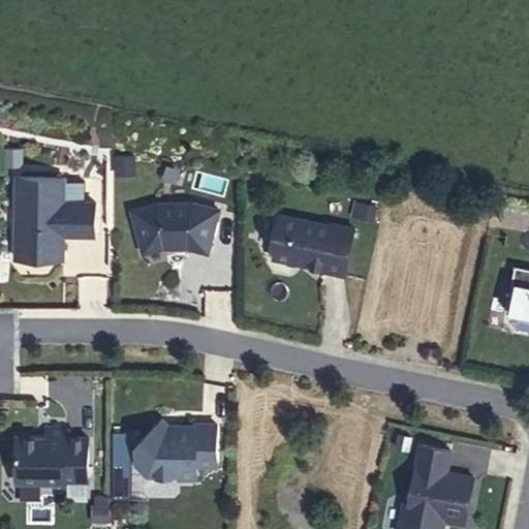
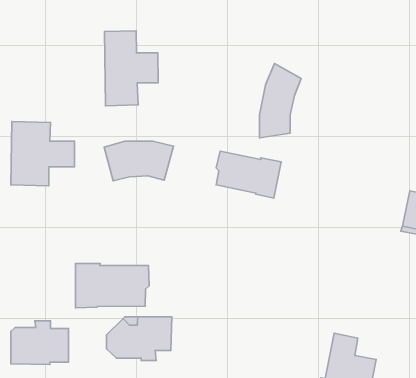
building: none -> [104,31,158,106]
building: none -> [260,64,301,138]
building: none -> [75,263,149,308]

